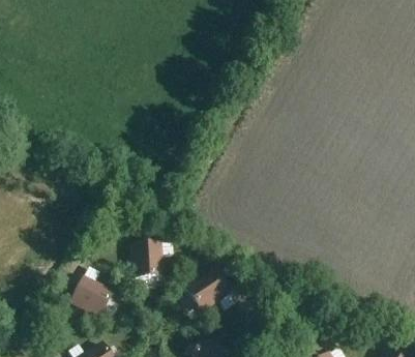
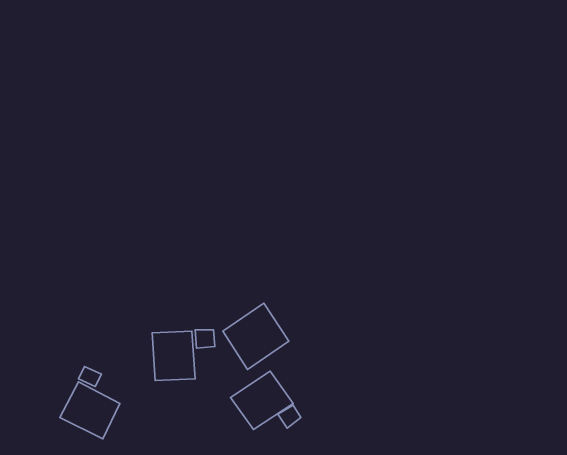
building: none -> [223,303,289,369]

